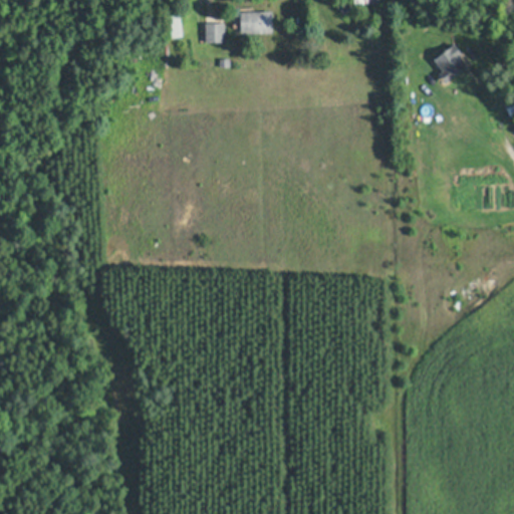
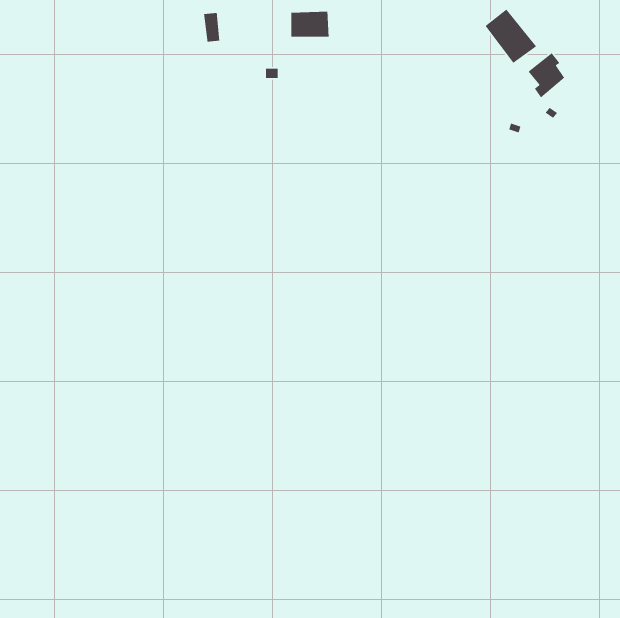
building: none -> [485,8,537,64]
building: [205,24,225,43] -> none

